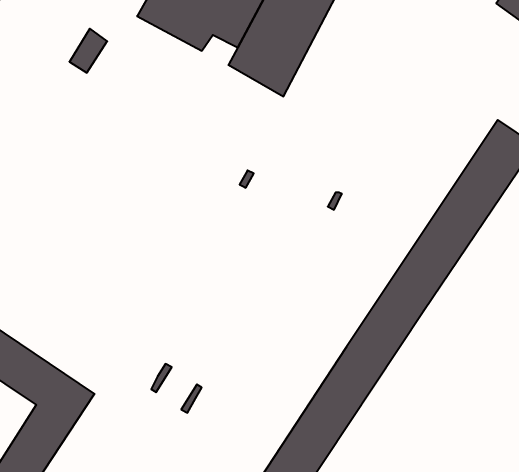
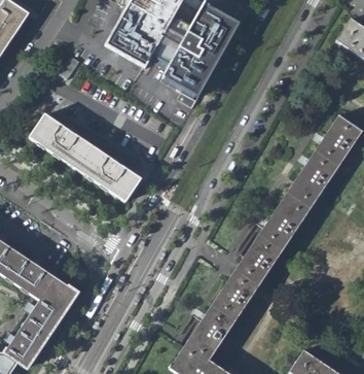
building: none -> [30,114,140,201]

